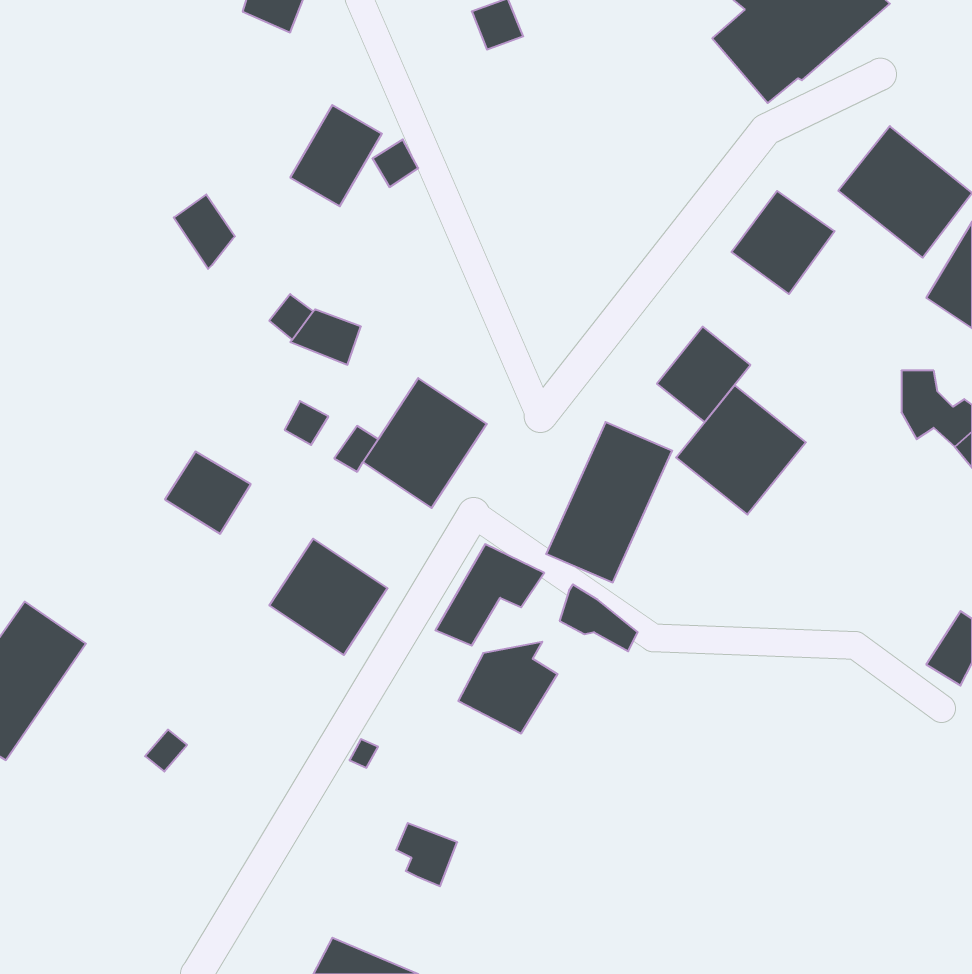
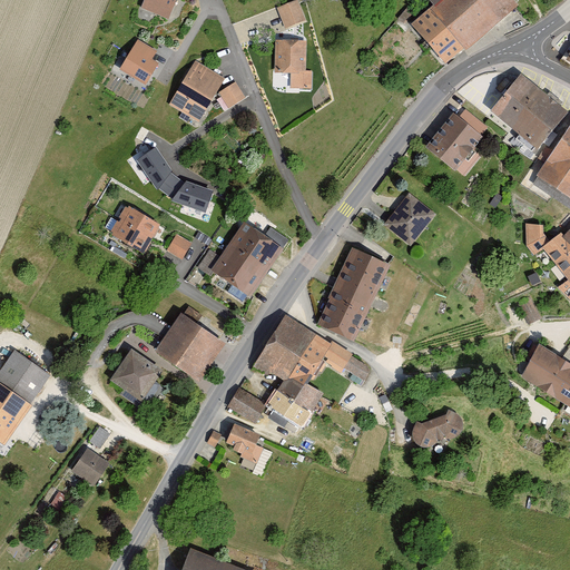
building: none -> [117,38,157,85]
building: none -> [274,39,311,88]
building: [174,194,235,269] -> [135,146,170,189]
building: [676,385,806,515] -> none
building: [165,452,251,534] -> [110,205,160,253]
building: none -> [275,334,332,381]
building: none -> [521,344,560,387]
building: none -> [111,350,164,411]
building: none -> [226,387,266,424]
building: none -> [412,409,466,448]
building: none -> [70,446,109,485]
building: [396,823,457,886] -> [227,425,263,462]

